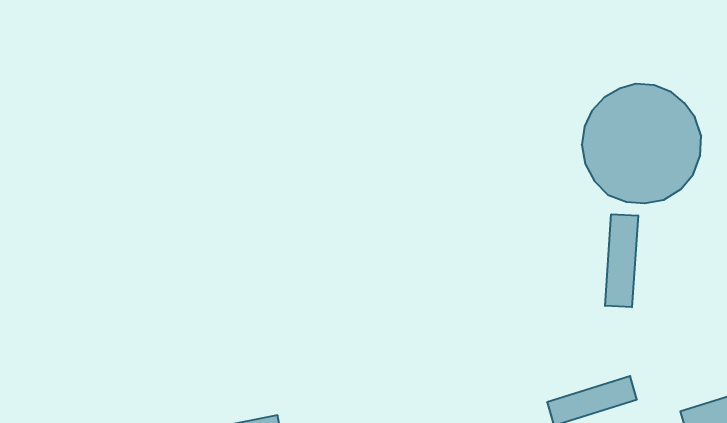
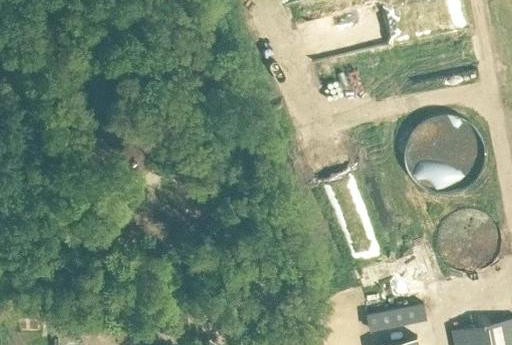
building: [605,214,638,307] -> none

